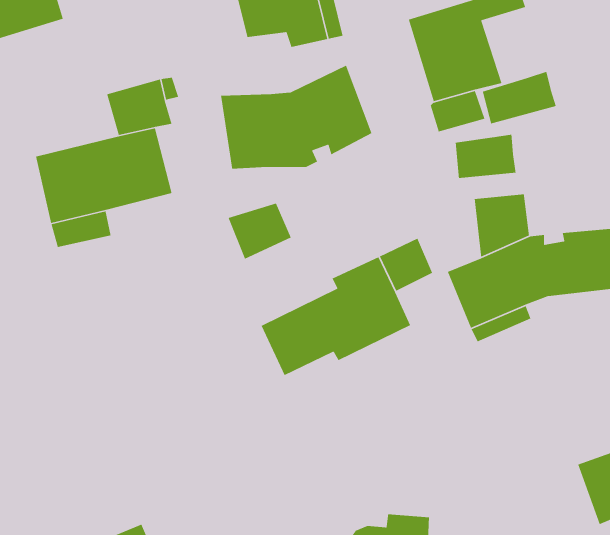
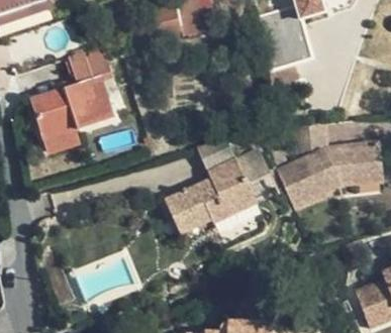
building: [220,65,372,170] -> none
building: [482,71,557,125] -> none
building: [455,134,517,179] -> none
building: [228,202,292,260] -> [199,139,237,174]

